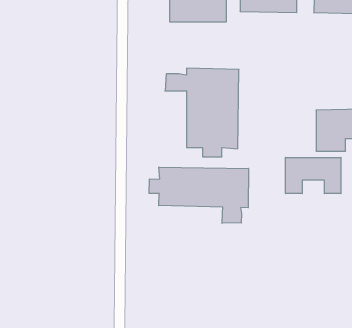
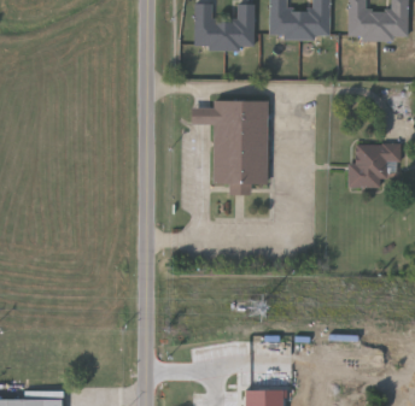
building: [286,157,341,194] -> none
building: [149,167,248,223] -> none

